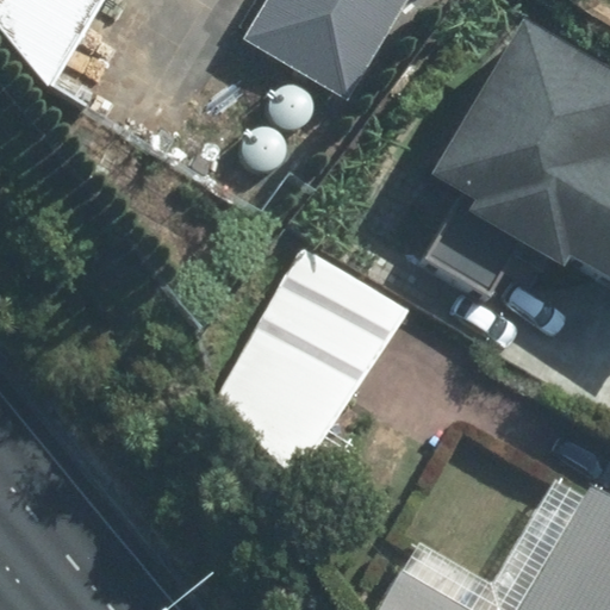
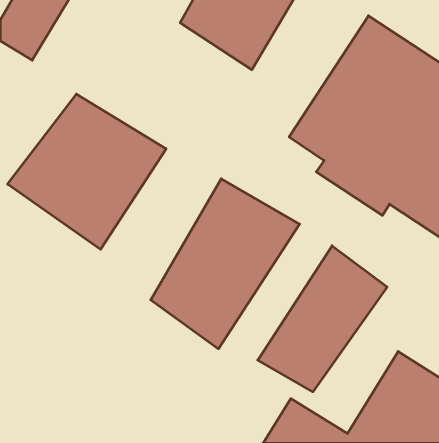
building: none -> [8,94,166,249]
building: none -> [258,246,387,392]

